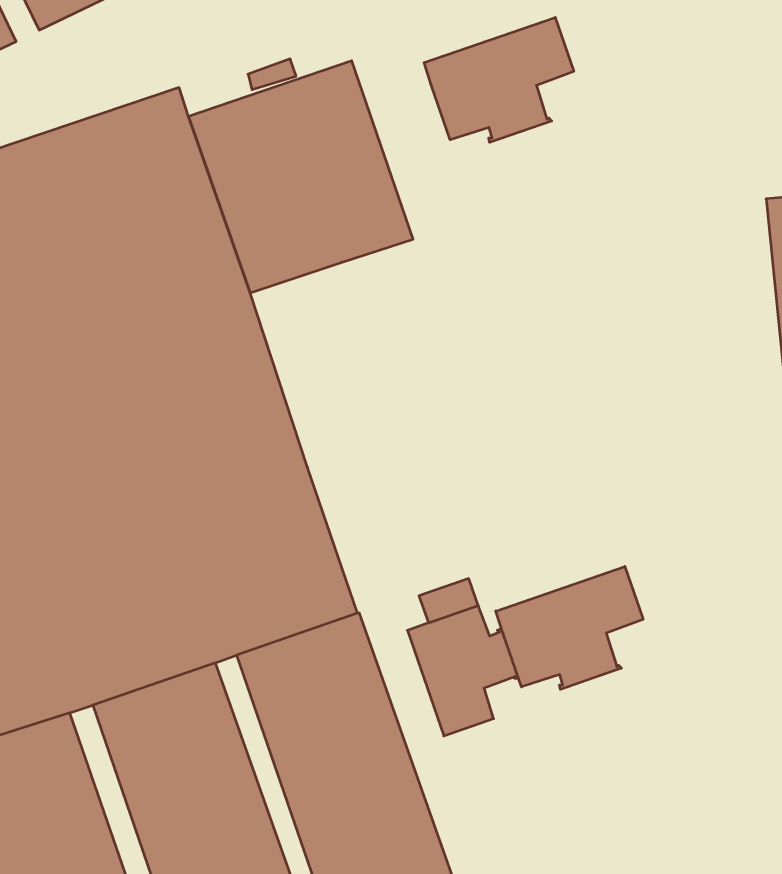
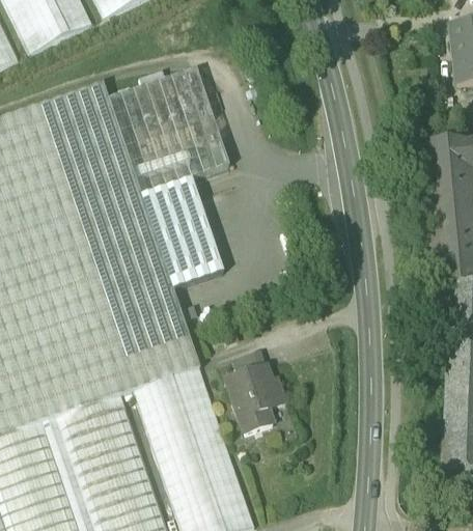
building: [424,17,574,142] -> none
building: none -> [141,176,223,287]
building: [496,566,643,689] -> none

